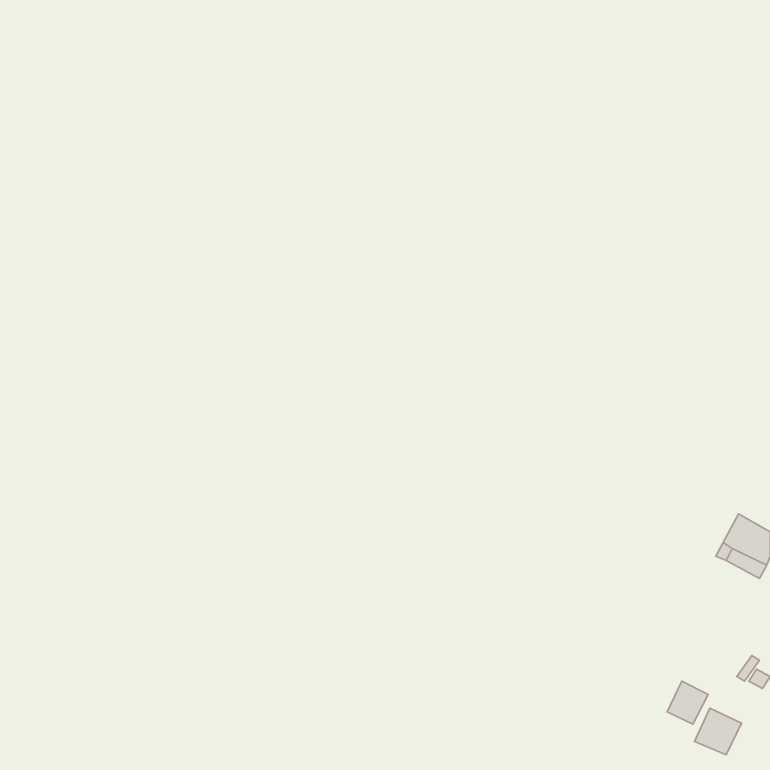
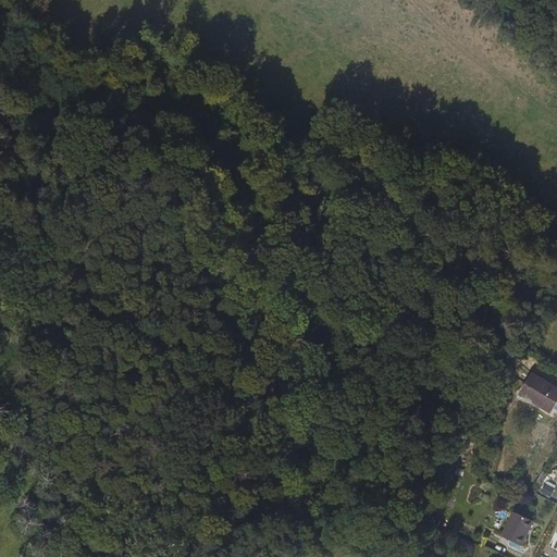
building: [667,681,708,724] -> none

